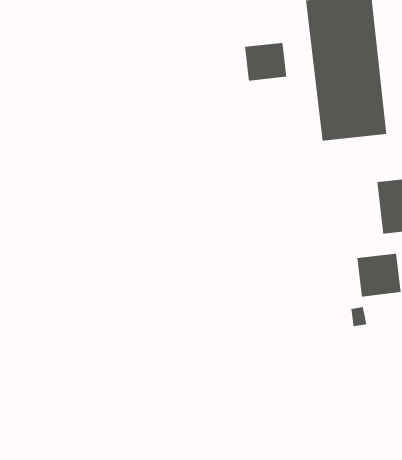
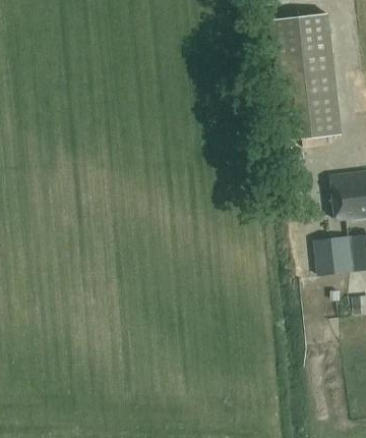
building: [245,42,287,81] -> none

